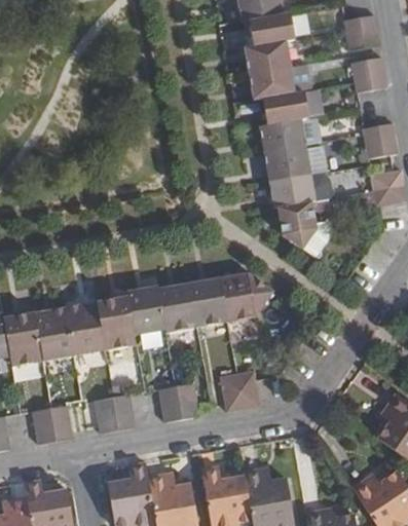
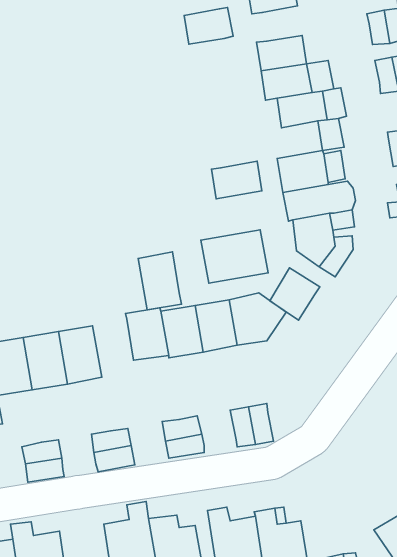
building: [250,12,294,45] -> [184,8,233,44]
building: [259,117,304,151] -> [212,161,262,199]
building: none -> [201,230,268,283]
building: none -> [270,268,320,320]
building: [97,296,136,348] -> [138,252,181,310]

